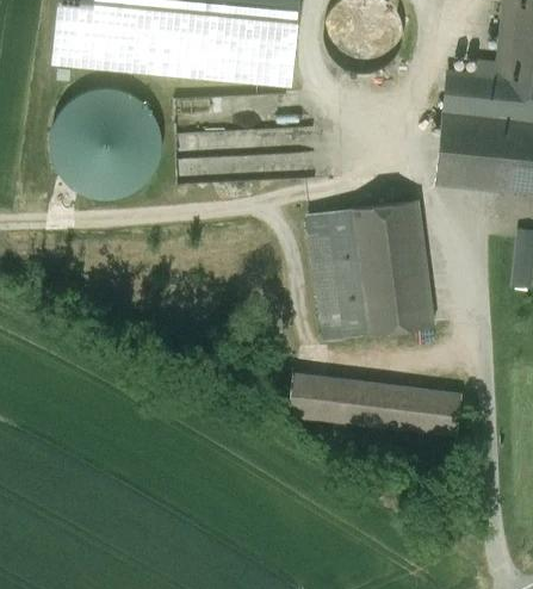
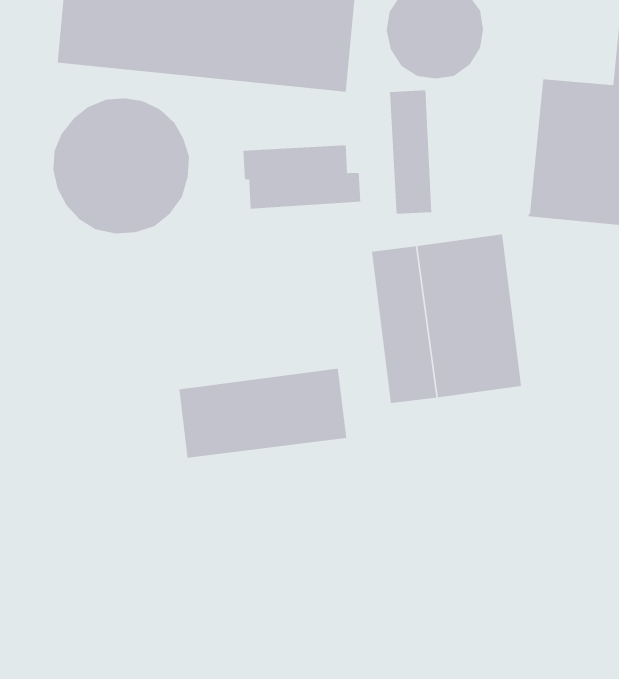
building: none -> [389,89,432,215]
building: none -> [179,368,347,459]
building: [286,373,460,434] -> none

